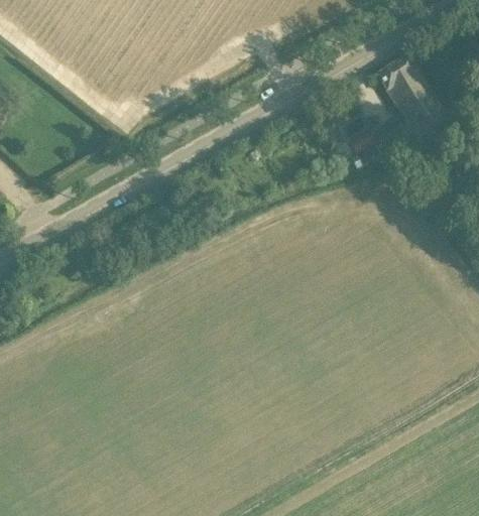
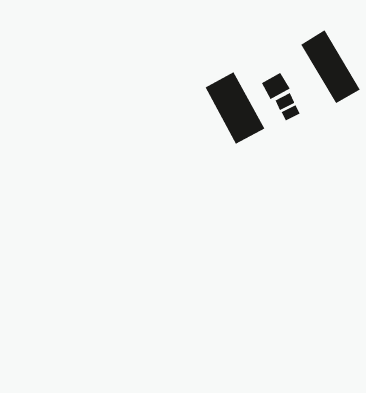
building: none -> [205,71,266,145]

